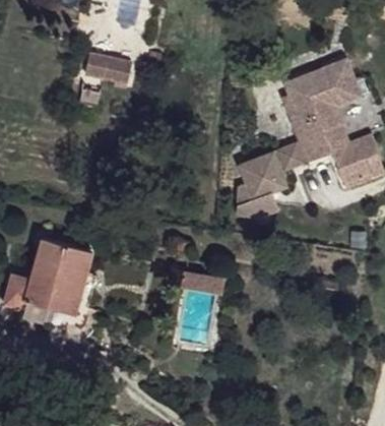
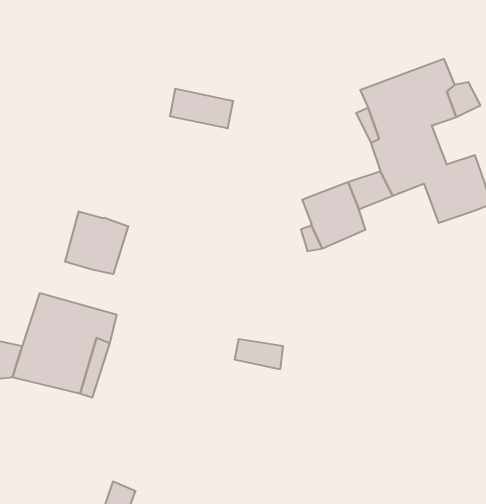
building: [87,58,135,87] -> [170,89,233,128]
building: none -> [65,211,128,274]

